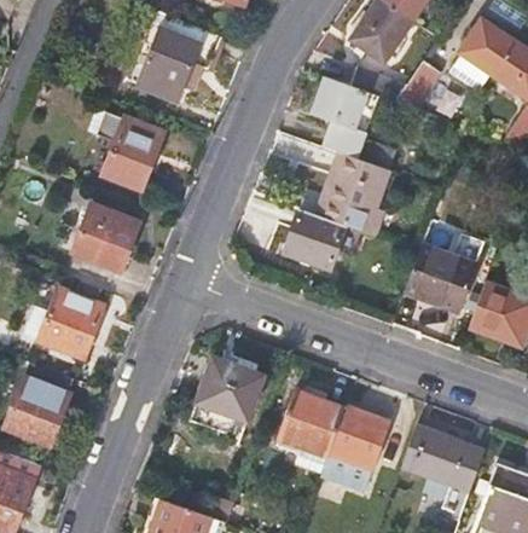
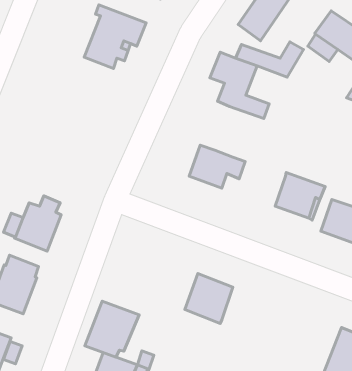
building: [95,111,162,189] -> none
building: [319,153,388,236] -> none
building: [71,203,138,270] -> none
building: [188,357,265,435] -> [85,301,139,357]
building: [329,406,389,468] -> none
building: [401,427,483,514] -> none

